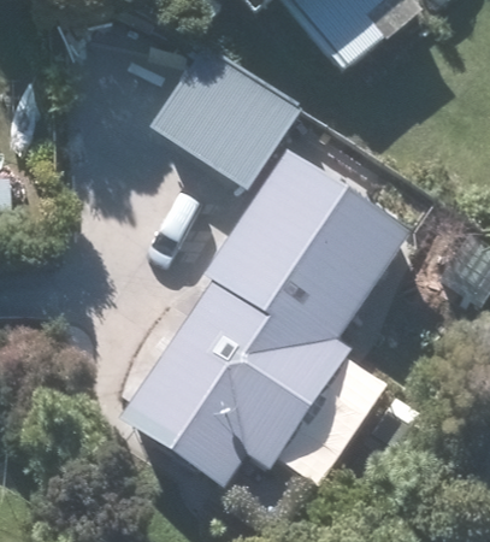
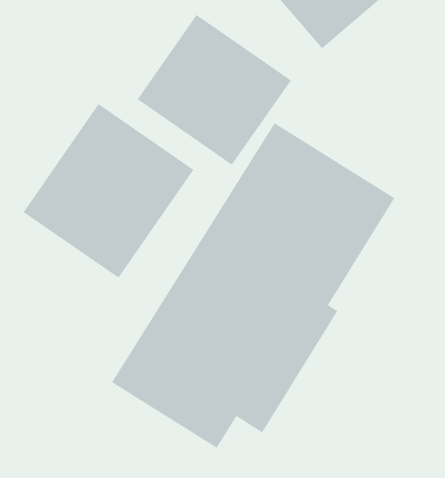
building: none -> [23,103,194,279]

